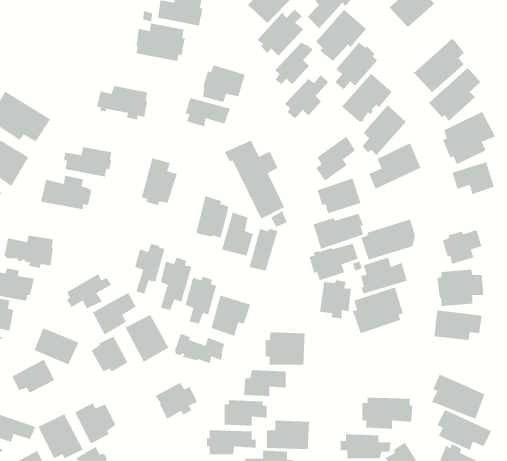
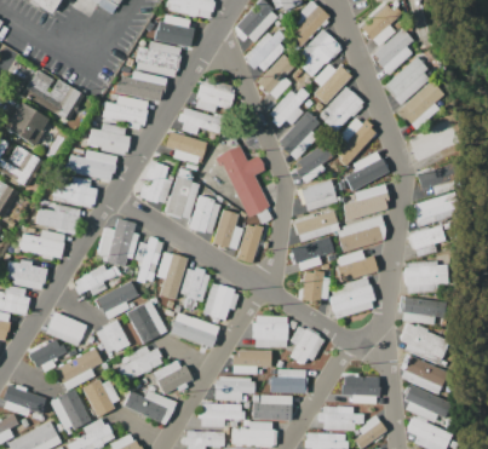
building: none -> [374,28,417,74]
building: none -> [23,70,84,123]
building: none -> [120,71,167,100]
building: none -> [279,111,318,159]
building: none -> [88,122,131,155]
building: none -> [163,131,206,162]
building: none -> [165,169,200,218]
building: none -> [341,183,389,220]
building: none -> [412,194,459,228]
building: none -> [35,203,81,234]
building: none -> [98,218,139,265]
building: none -> [401,323,448,367]
building: none -> [289,326,325,364]
building: none -> [117,345,162,381]
building: none -> [56,347,103,391]
building: none -> [271,369,308,393]
building: none -> [124,390,176,425]

